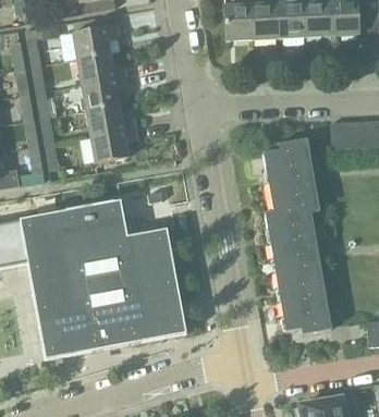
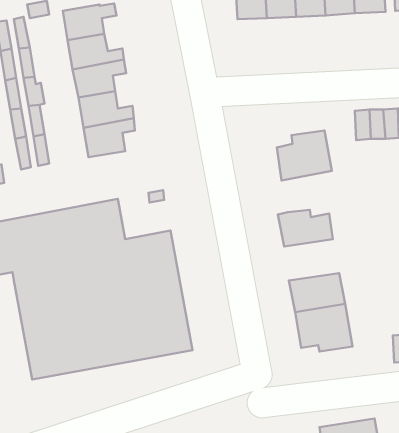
building: [267,174,318,216] -> none
building: [269,235,318,272] -> none

